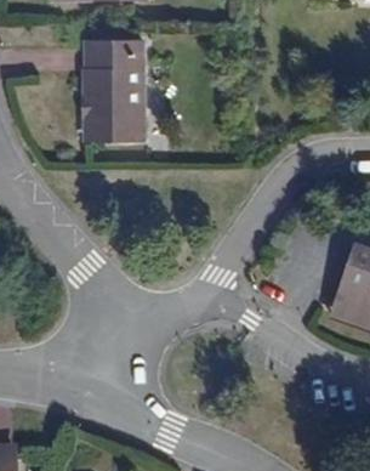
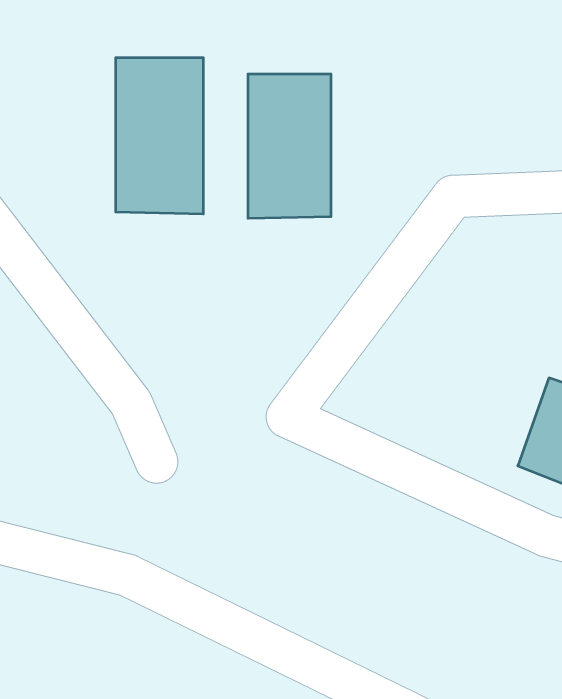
building: none -> [248,74,331,218]

